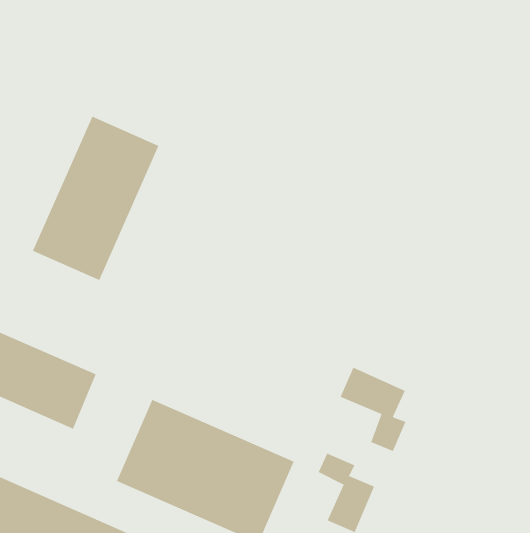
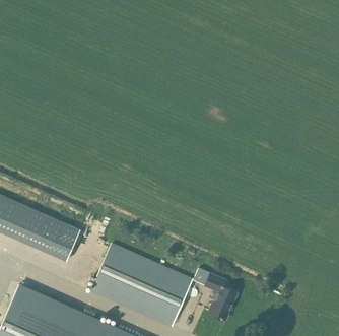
building: [32,116,159,281] -> none
building: [340,367,406,452] -> none

